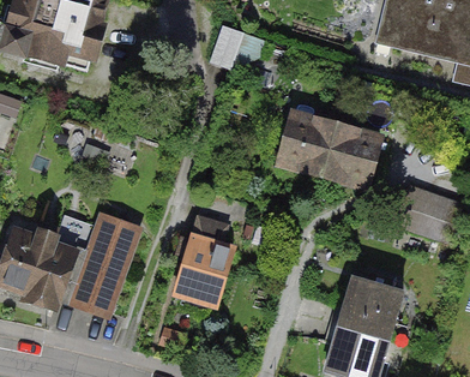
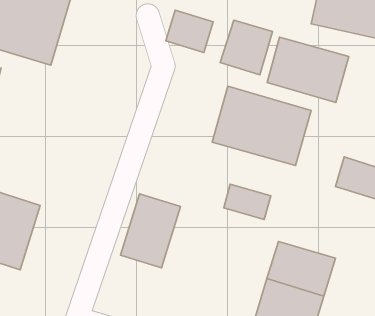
building: none -> [220,20,272,75]
building: none -> [267,37,349,103]
building: [68,220,143,324] -> none
building: none -> [224,184,271,219]

